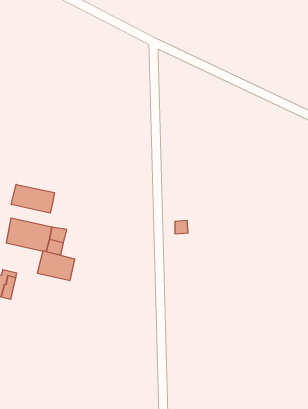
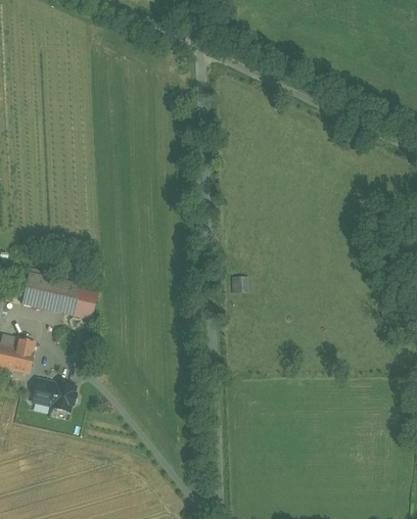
building: [11,184,54,213] -> none
building: [37,251,75,280] -> [28,375,75,412]

